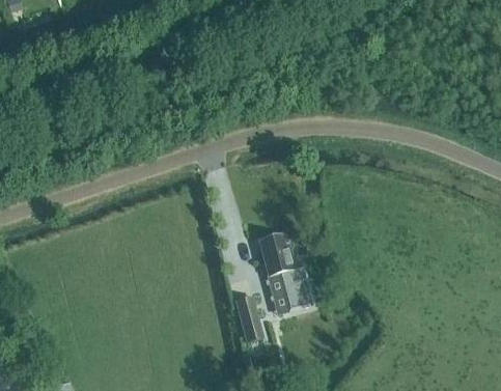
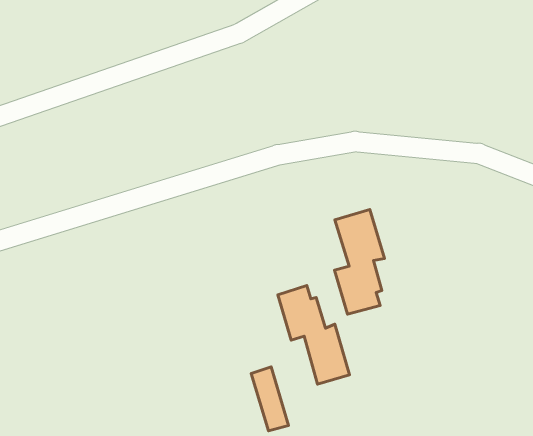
building: none -> [335,210,384,314]

